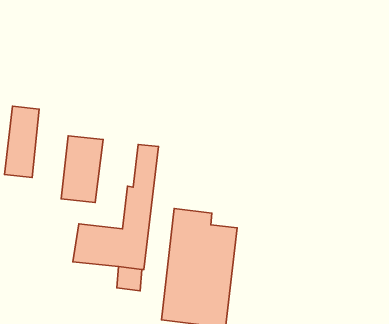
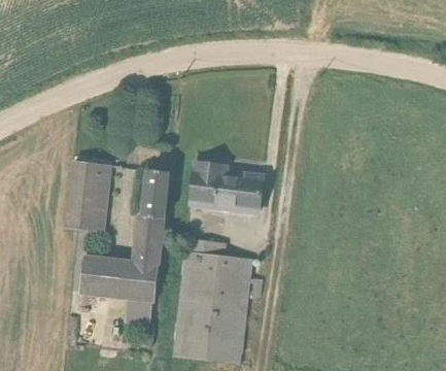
building: [5,106,39,178] -> none
building: none -> [190,162,263,214]

